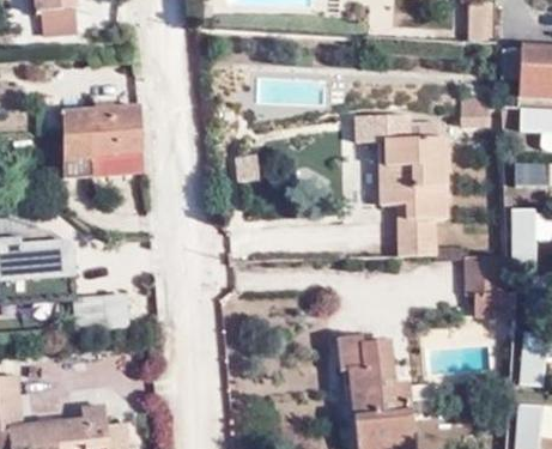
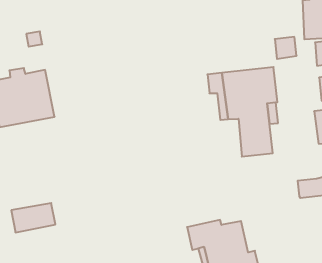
building: [461,257,498,296] -> none

